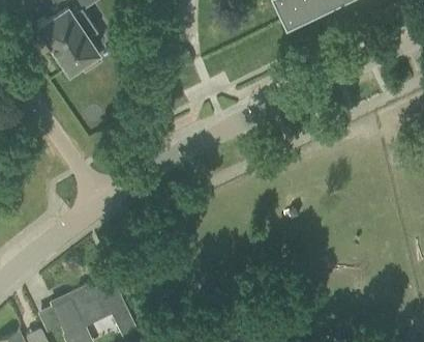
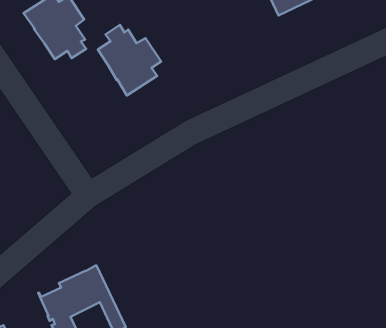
building: none -> [98,25,161,96]

